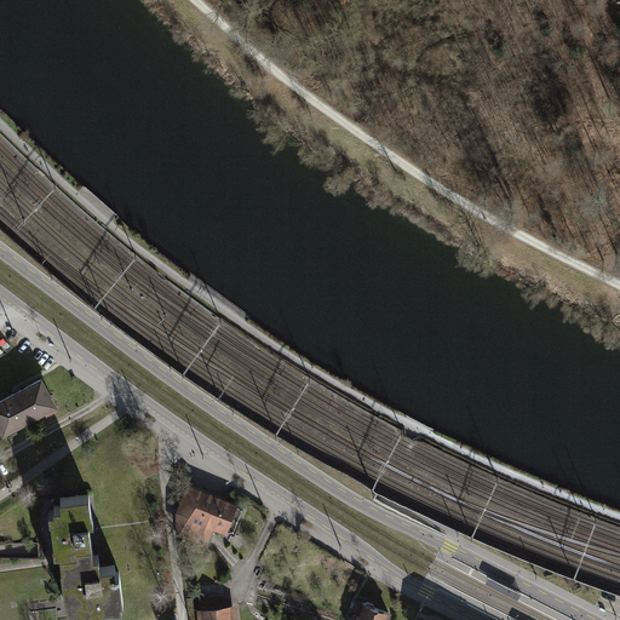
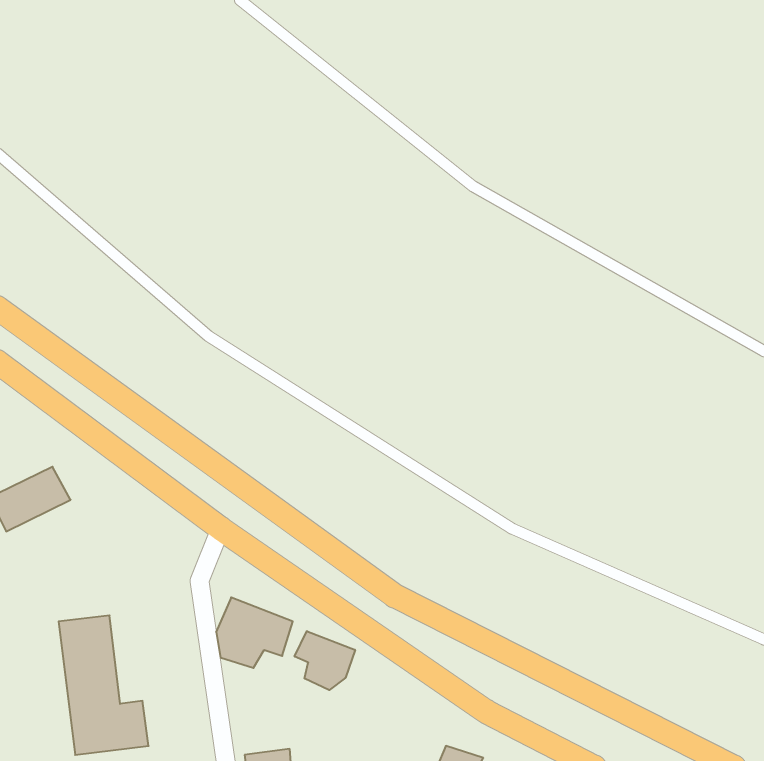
building: none -> [295,631,355,690]

